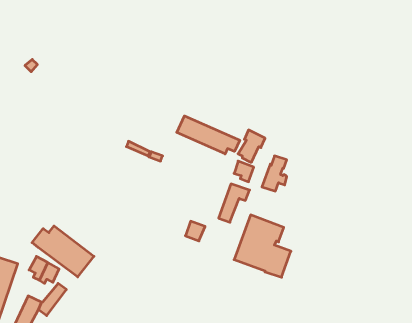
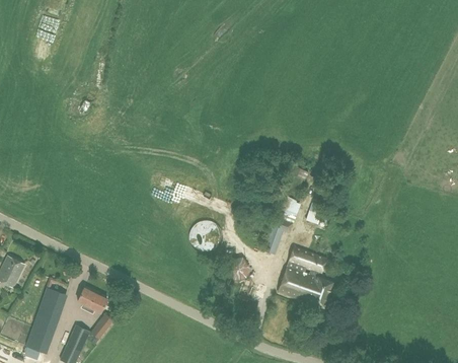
building: [177,116,240,154] -> none
building: [32,226,94,277] -> none

